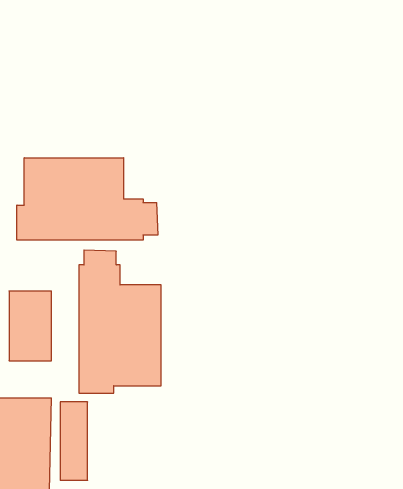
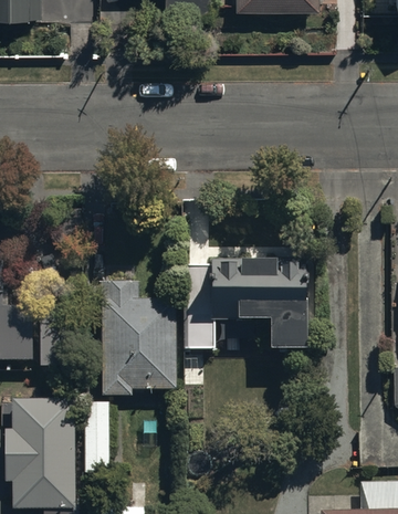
building: [17,158,158,240] -> none
building: none -> [184,258,305,349]

